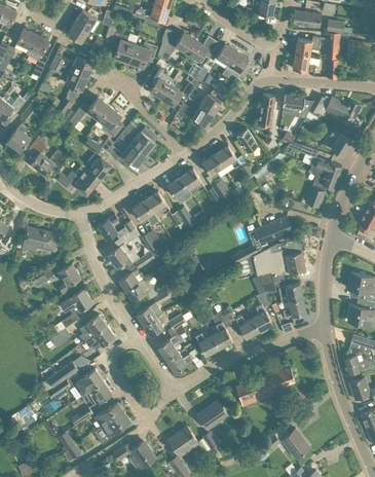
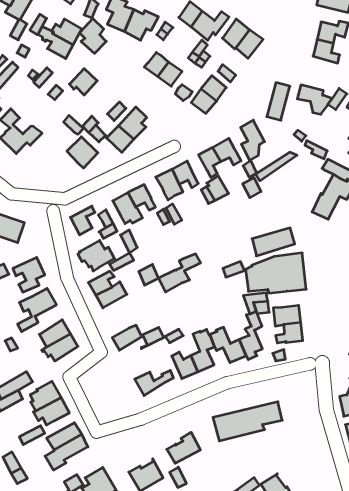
building: [100,107,123,137] -> [79,19,106,53]
building: [53,168,100,195] -> none
building: [136,291,171,326] -> [158,254,201,292]
building: [157,325,186,360] -> none

